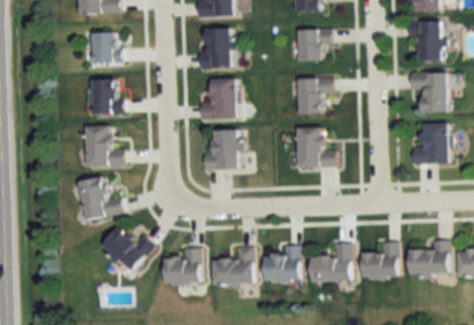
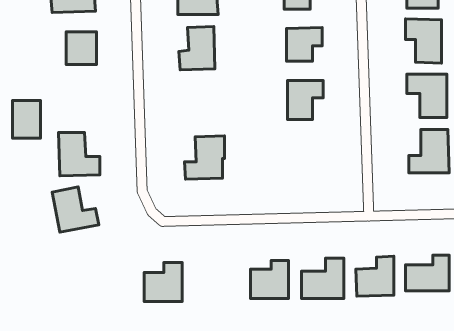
building: [200,78,236,119] -> none
building: [92,80,118,115] -> [12,100,41,138]
building: [297,127,334,167] -> none
building: [100,226,152,272] -> none
building: [213,245,253,284] -> none

